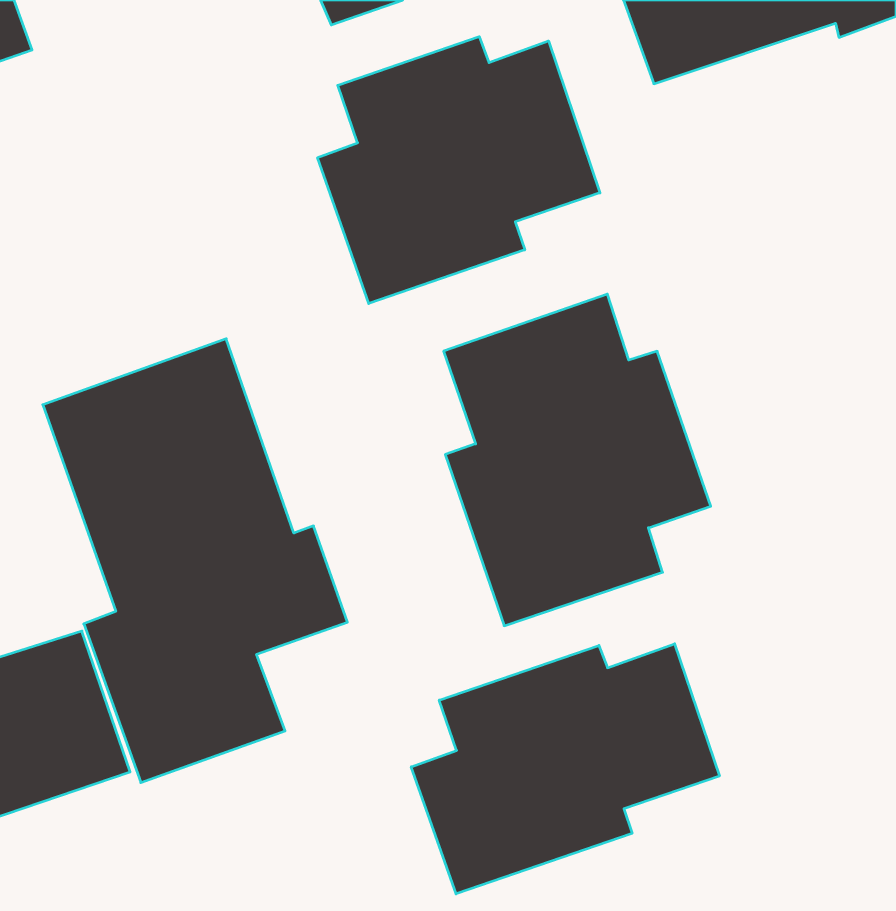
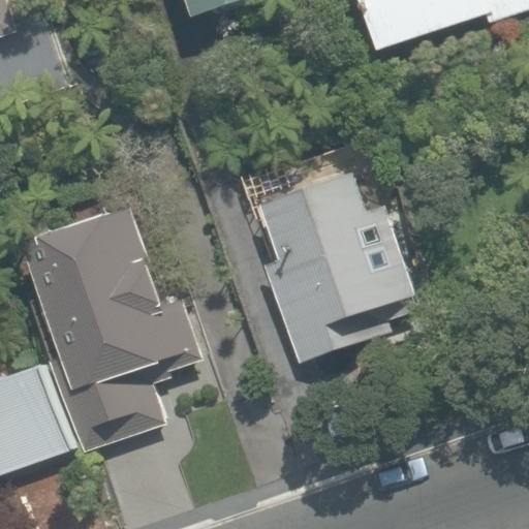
building: [318,37,600,304] -> none
building: [411,644,719,894] -> none

